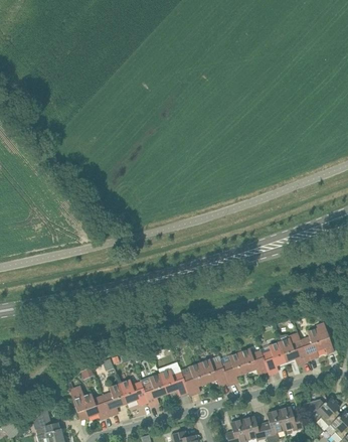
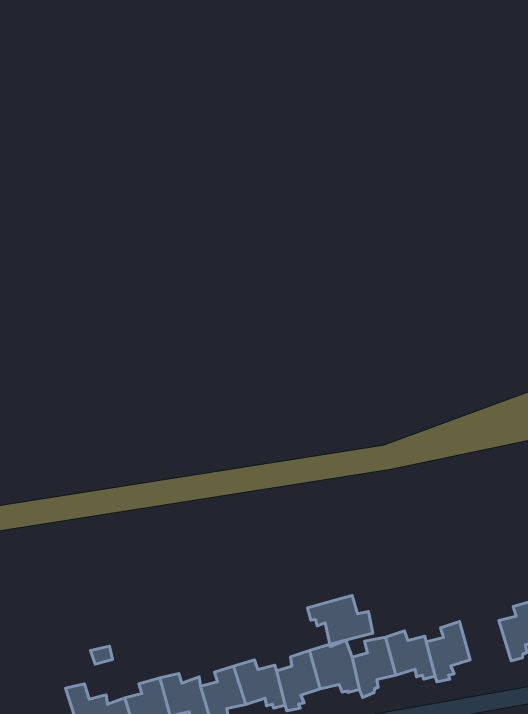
building: none -> [307,595,373,644]
building: [280,332,309,362] -> none

